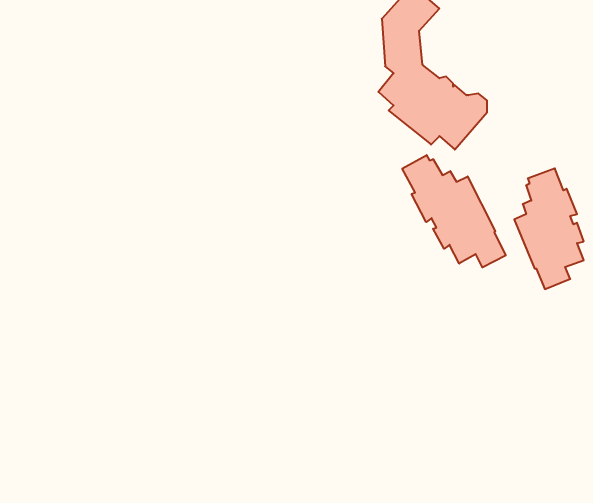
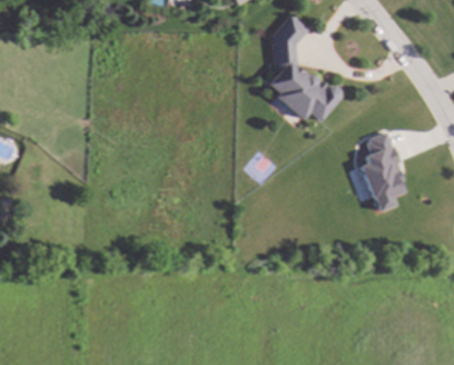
building: [402,155,506,267] -> none

